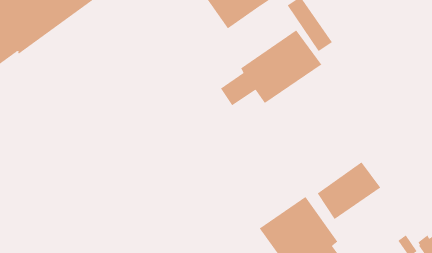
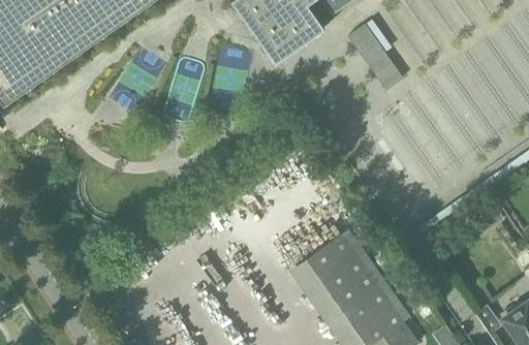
building: [220,29,322,106] -> none
building: [317,161,381,220] -> [292,229,369,299]

